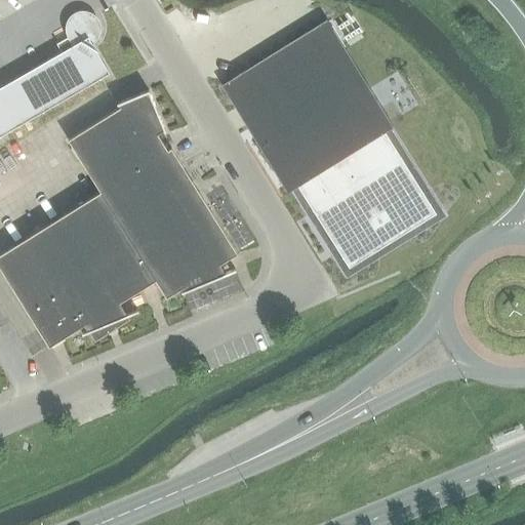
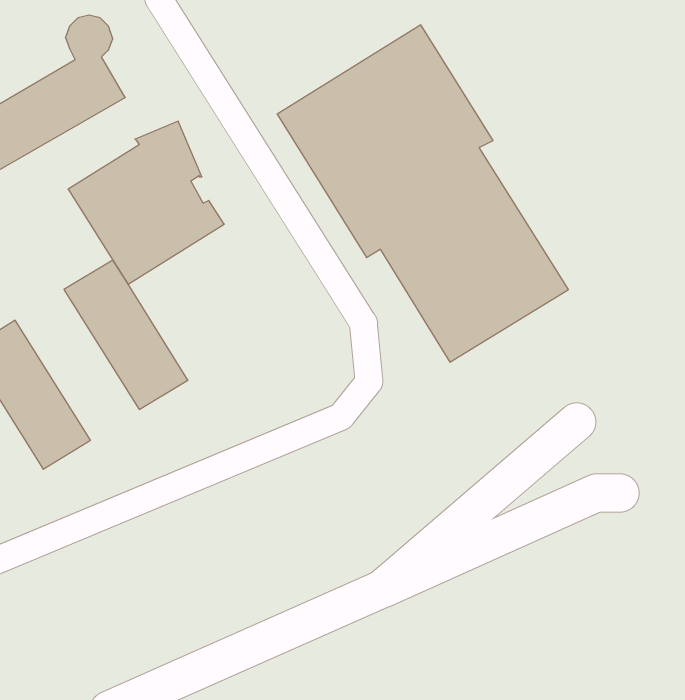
building: [112,166,237,298] -> none
building: [29,214,138,342] -> none

